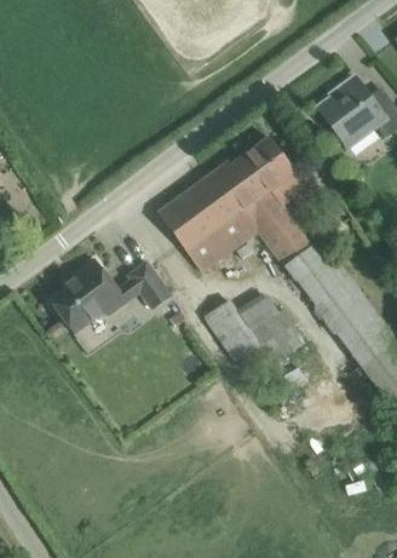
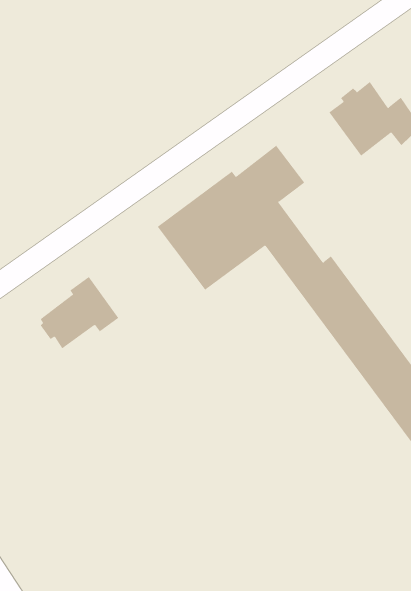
building: [128,263,172,310] -> none
building: [205,294,306,376] -> none

